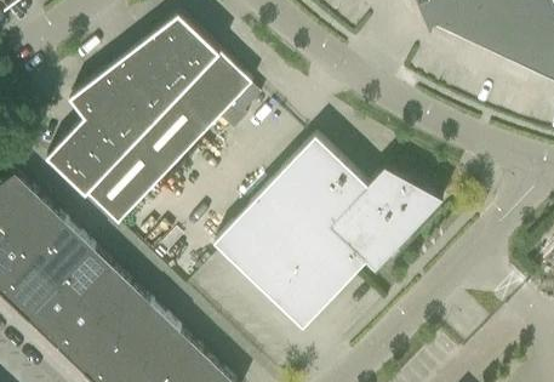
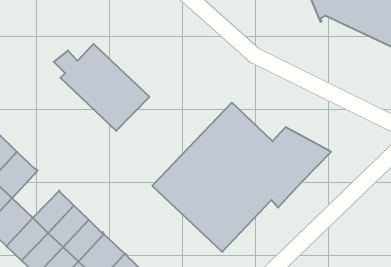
building: [138,13,252,129] -> none
building: [46,84,167,226] -> none
building: [34,223,95,284] -> none

